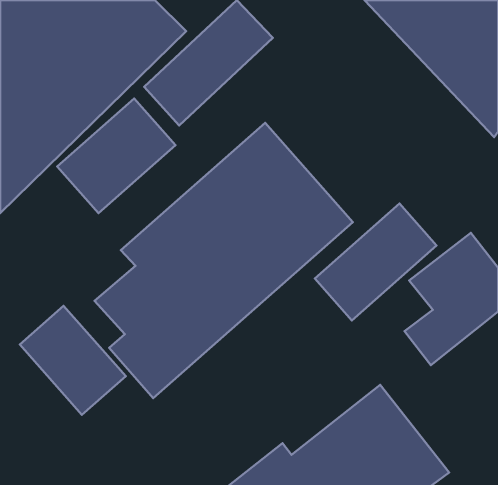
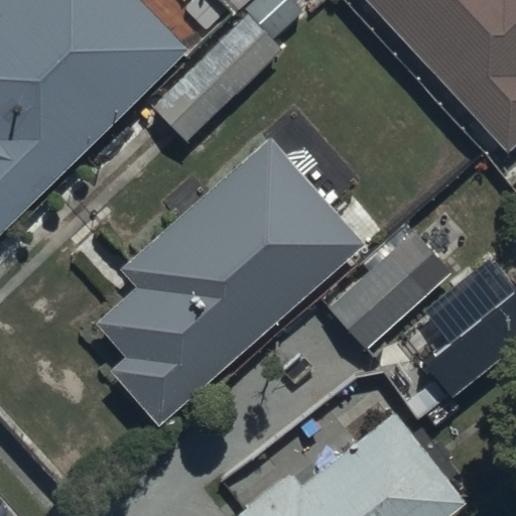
building: [57,98,176,213] -> none
building: [20,306,126,415] -> none

